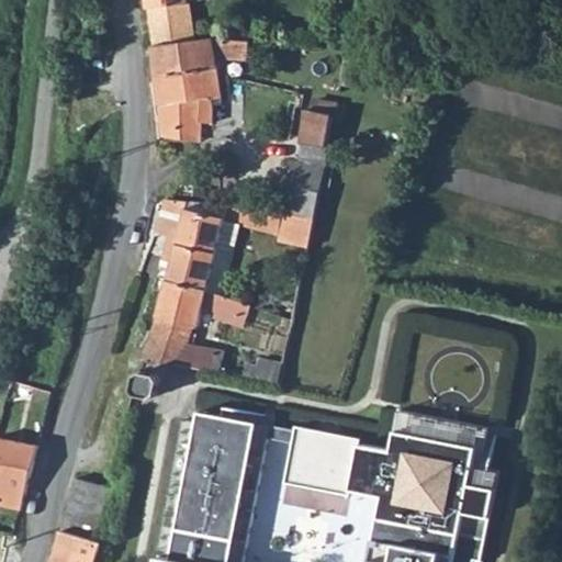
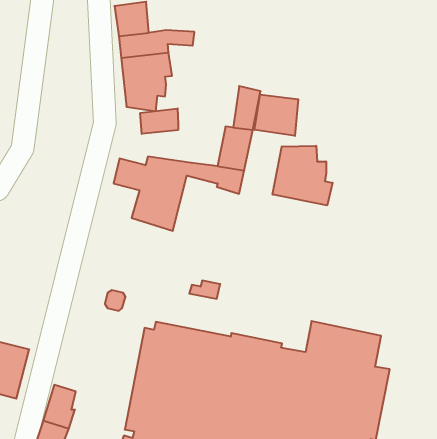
building: none -> [255,94,298,136]
building: none -> [140,108,178,134]
building: none -> [273,146,333,205]
building: [143,279,249,371] -> none

